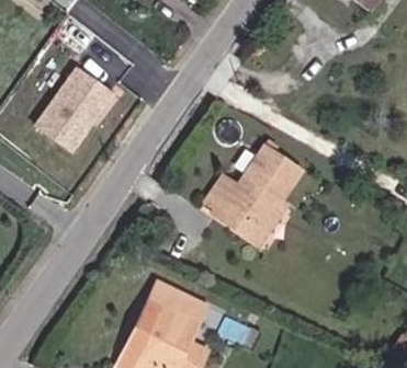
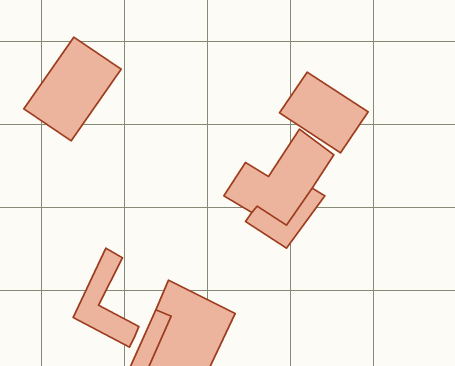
building: none -> [280,72,368,153]
building: none -> [73,248,139,347]

